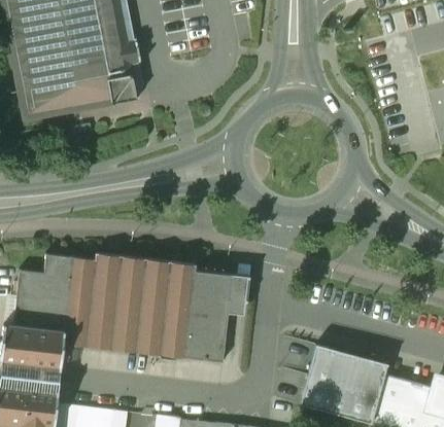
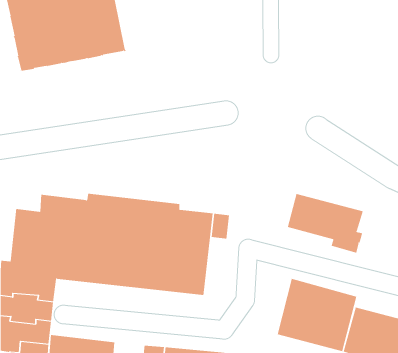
building: none -> [287,193,363,253]

